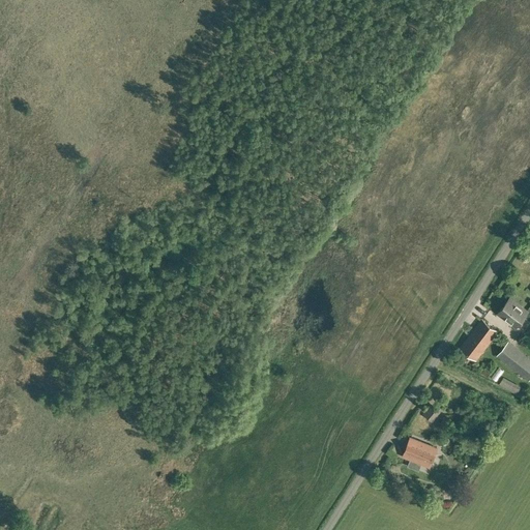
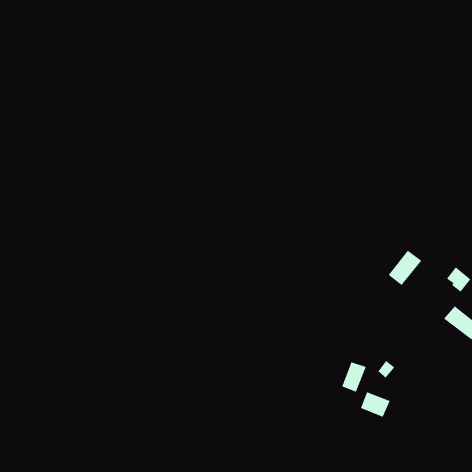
building: [461,321,499,361] -> [388,250,422,286]
building: none -> [341,361,366,393]

